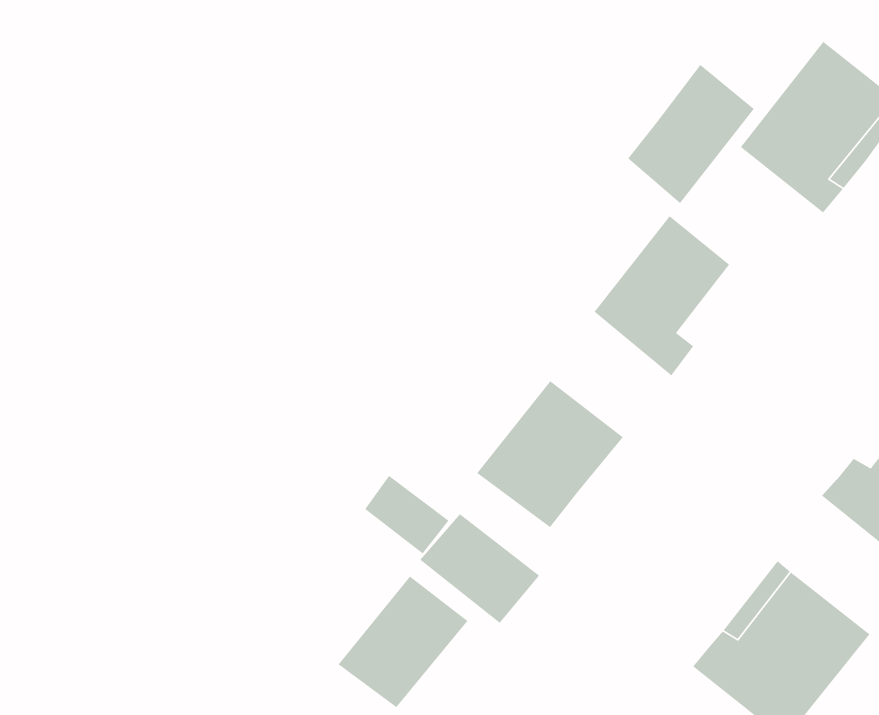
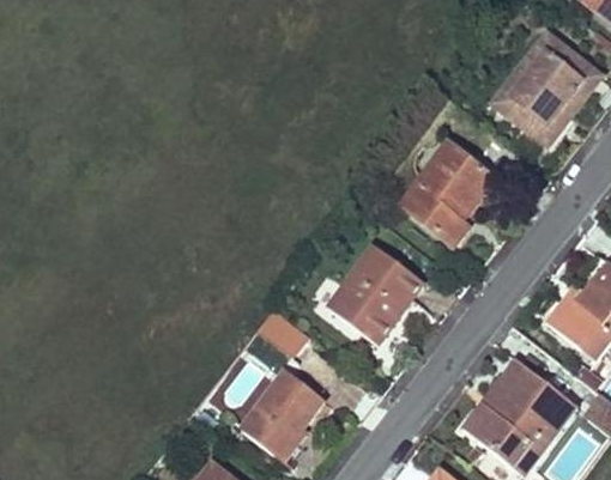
building: [627,64,755,204] -> none
building: [419,513,540,624] -> none

